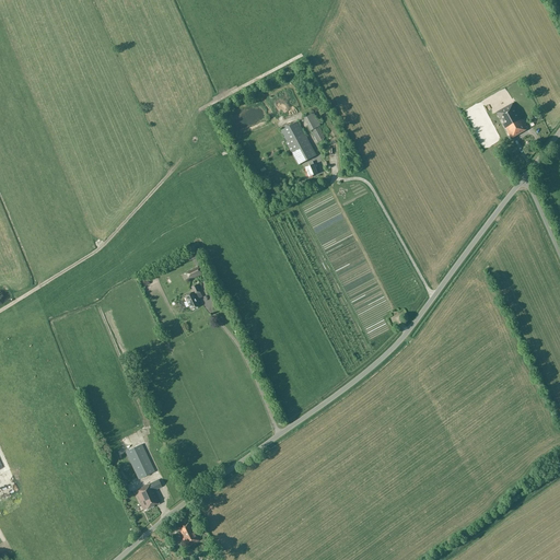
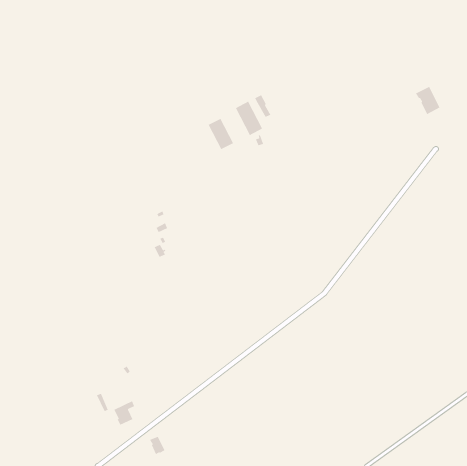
building: none -> [208,118,234,150]
building: [125,443,154,478] -> none

